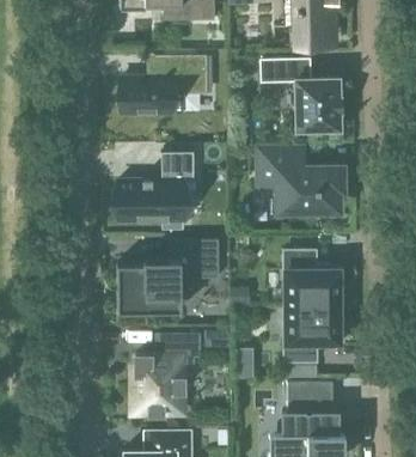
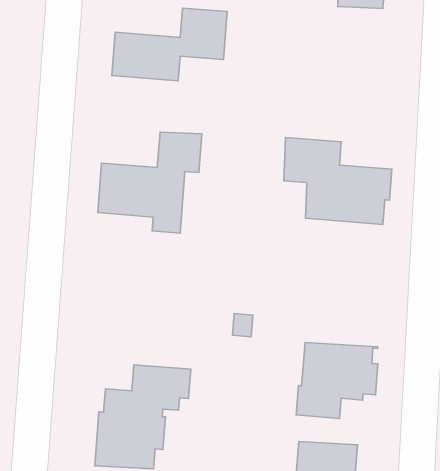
building: [262,61,341,132] -> none
building: [117,240,220,313] -> none
building: [285,251,344,307] -> none

